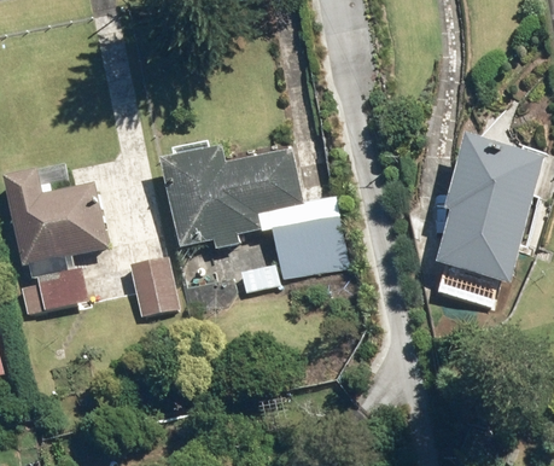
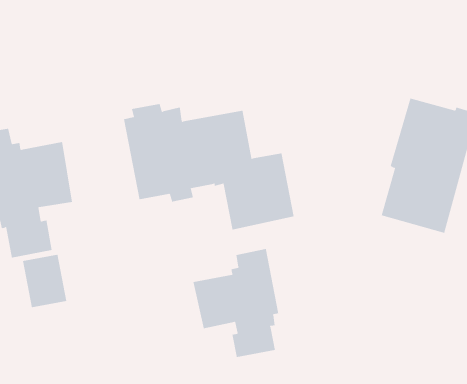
building: [126,257,174,315] -> [22,254,67,308]
building: none -> [193,248,279,358]

